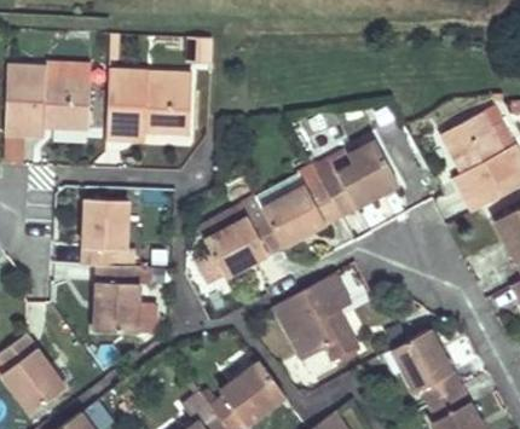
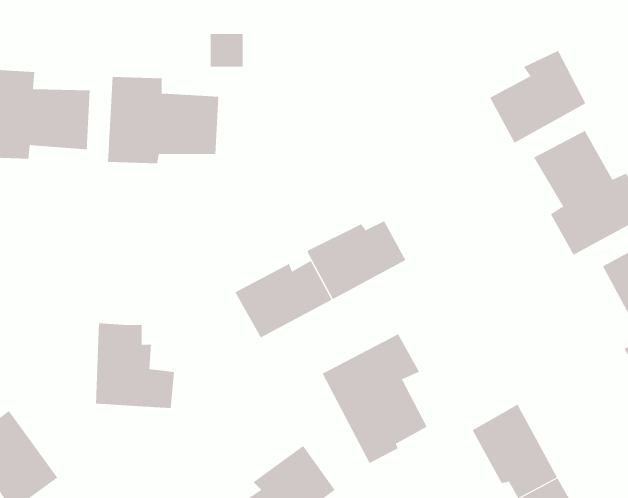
building: [320,141,397,215] -> [490,50,586,143]
building: [82,198,127,266] -> none

